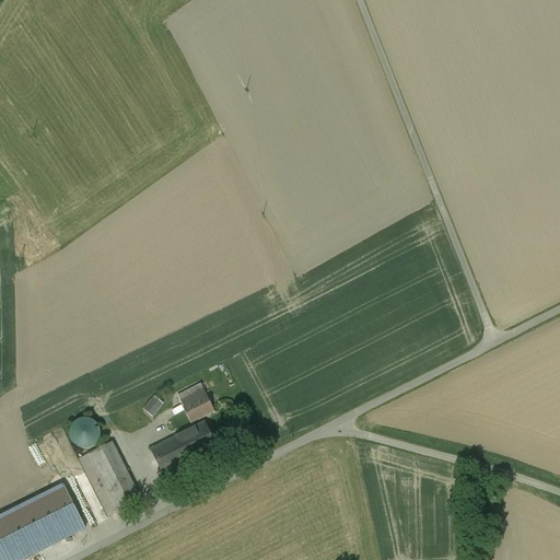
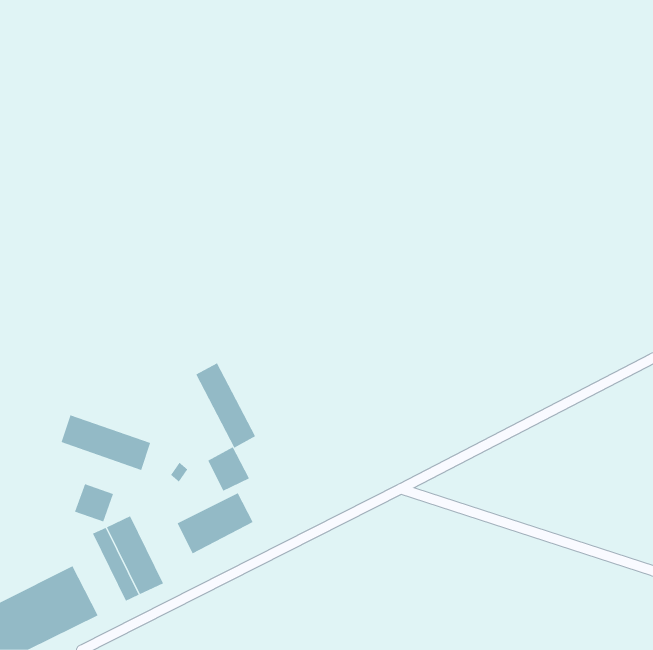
building: none -> [195,362,256,448]
building: none -> [61,415,151,471]

